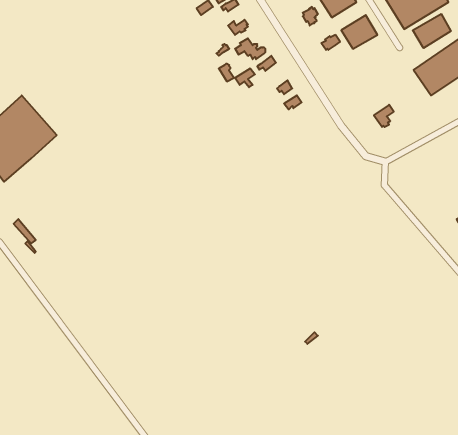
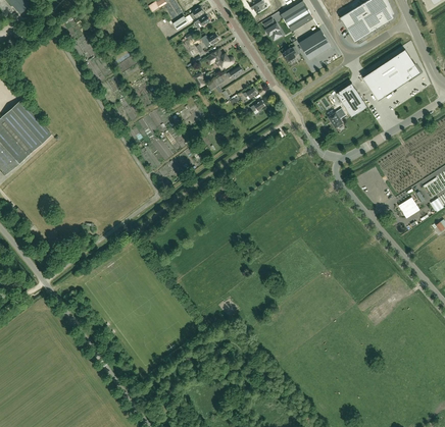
building: [413,14,451,48] -> none
building: none -> [335,83,366,116]

